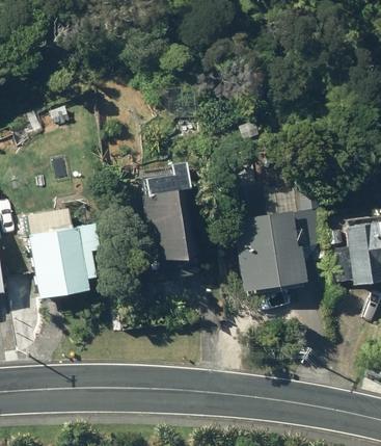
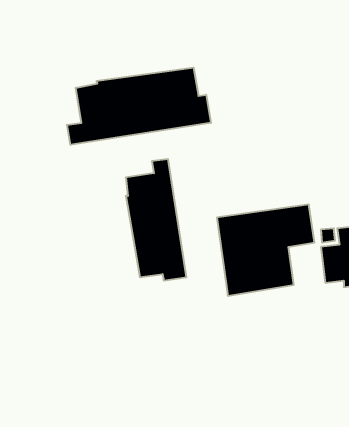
building: none -> [67,68,211,145]
building: [26,226,106,299] -> none

